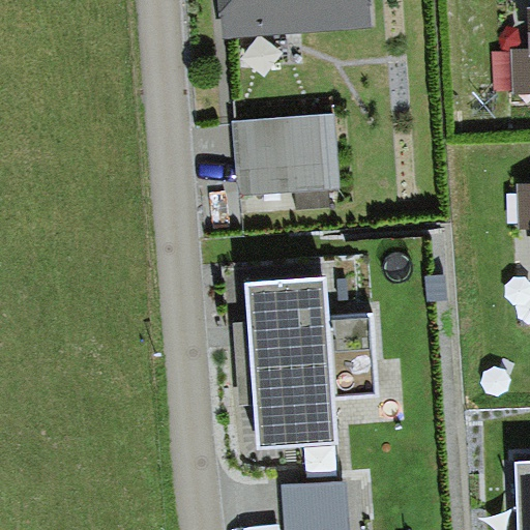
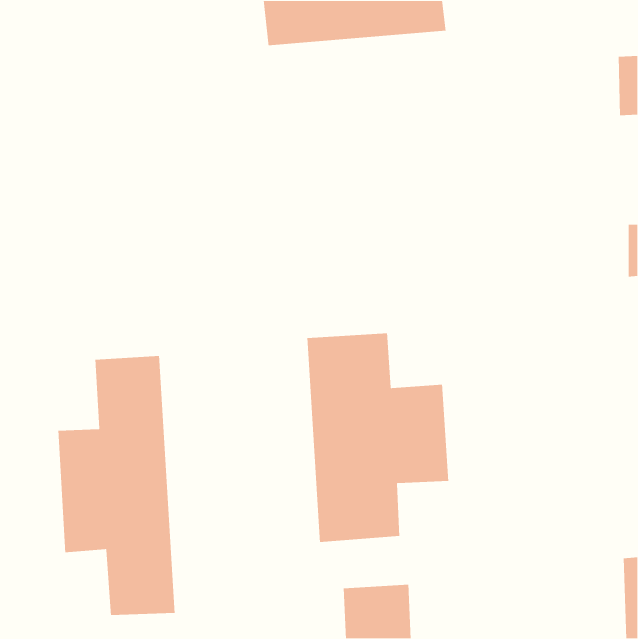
building: [232,114,337,197] -> none
building: none -> [57,355,175,616]

